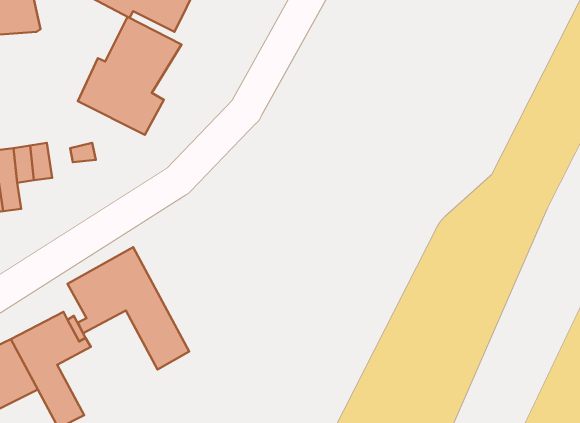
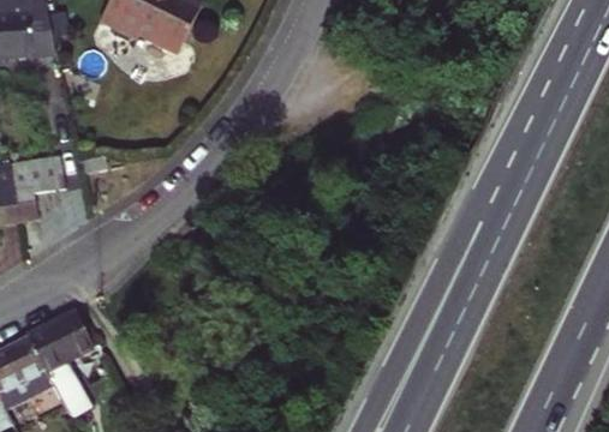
building: [78,17,182,135] -> none
building: [67,247,189,370] -> none

